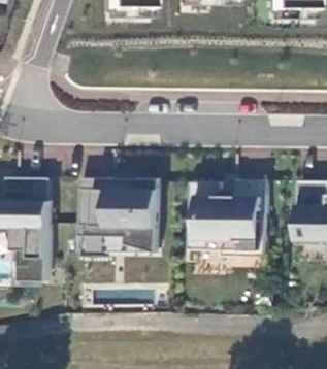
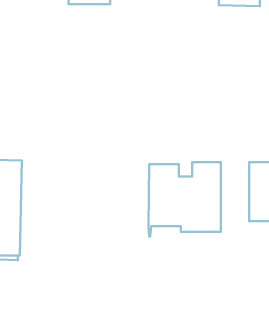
building: [87,175,165,249] -> none

